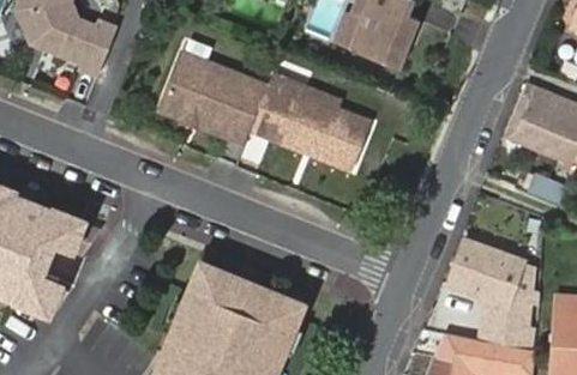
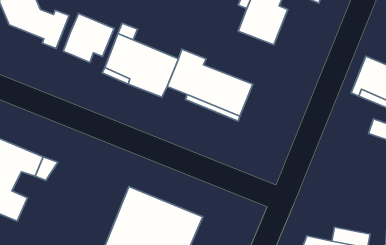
building: none -> [63,13,114,63]
building: [449,240,540,314] -> none

